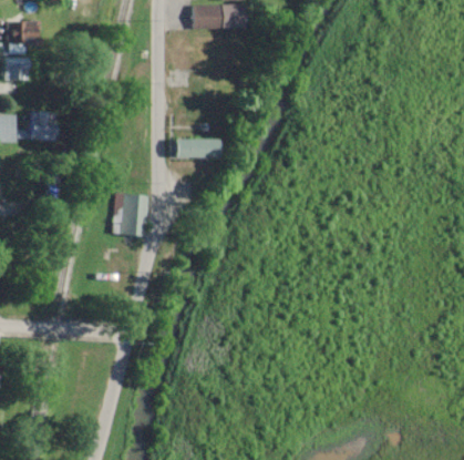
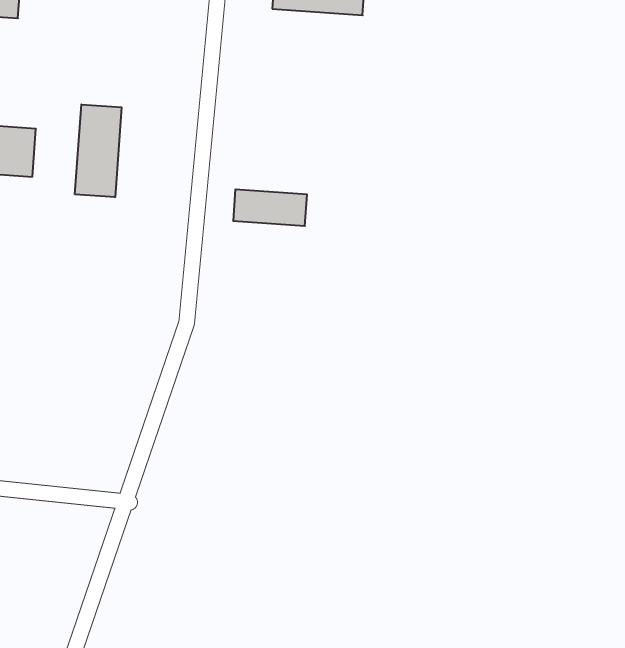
building: none -> [75,104,121,197]
building: [118,193,147,235] -> none

